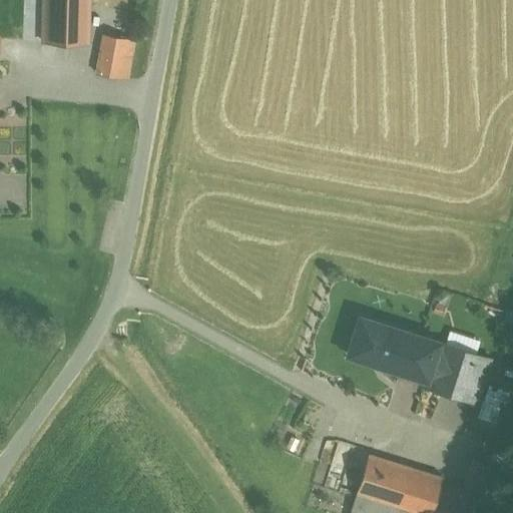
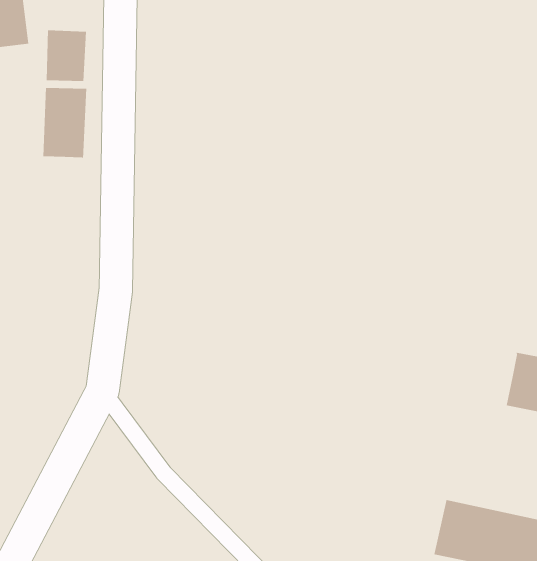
building: none -> [43,87,87,159]
building: [347,317,436,372] -> none

